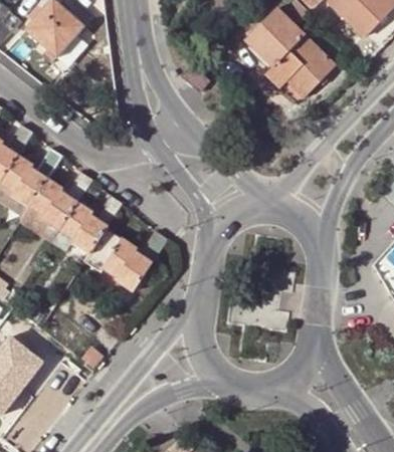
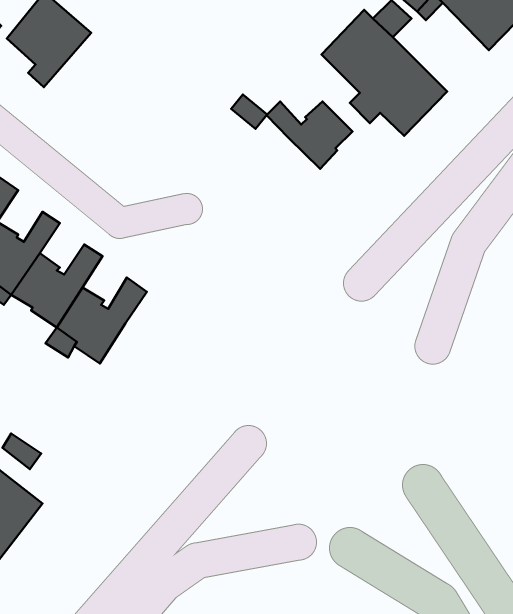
building: none -> [266,101,353,169]
building: [83,229,167,293] -> none

